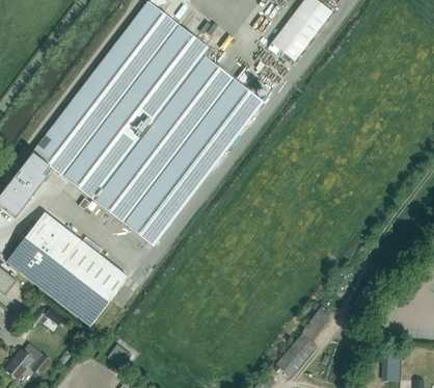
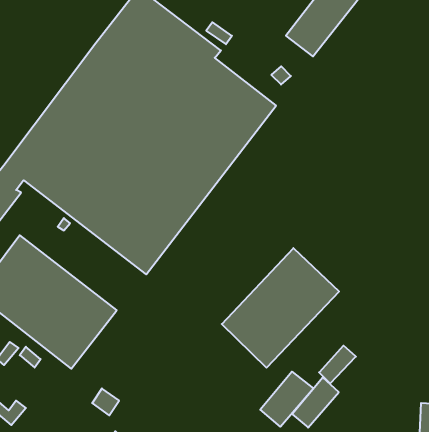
building: none -> [222,248,339,368]
building: none -> [260,372,313,427]

